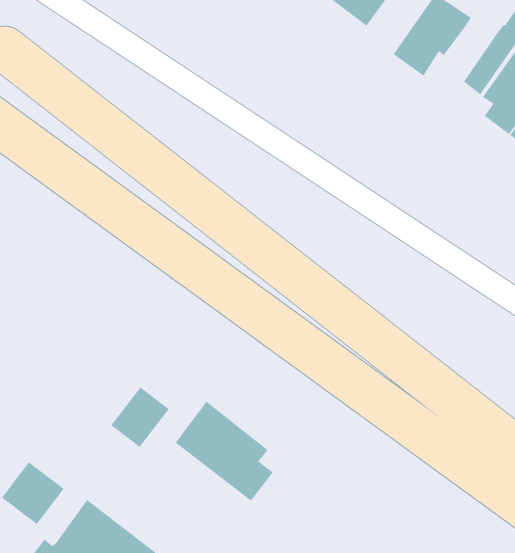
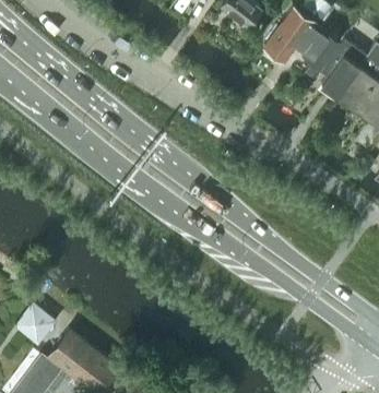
building: [110,386,169,448] -> none
building: [175,401,273,502] -> none

